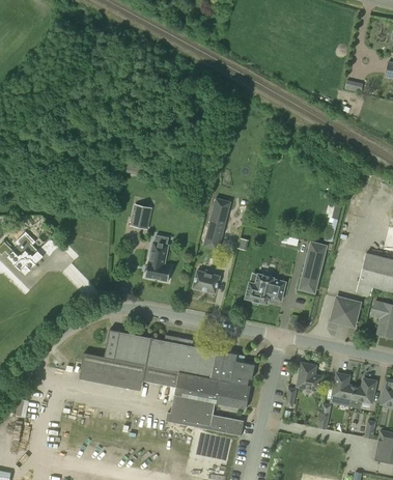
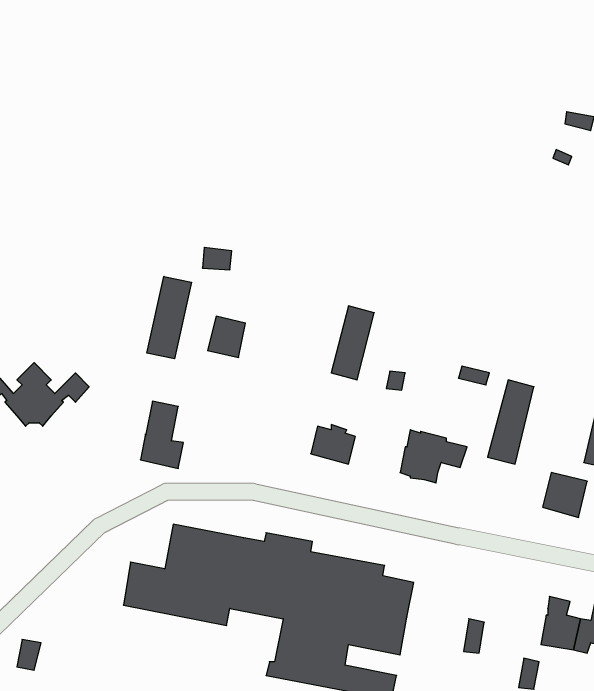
building: none -> [147,276,191,359]
building: [145,242,171,282] -> [140,401,183,468]
building: [297,363,320,391] -> none

